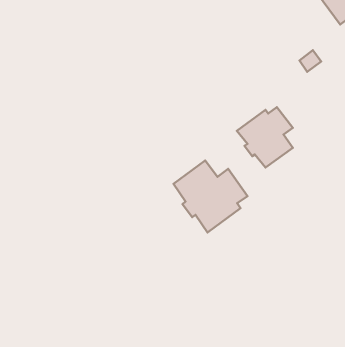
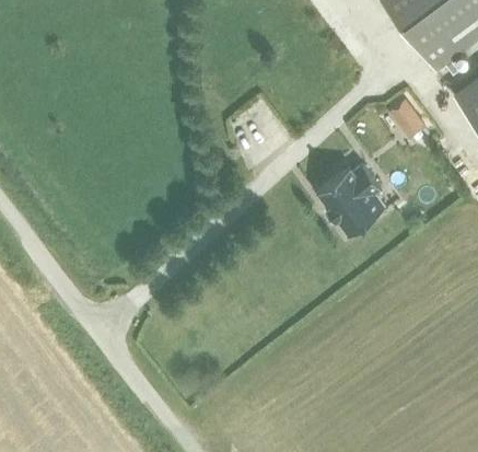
building: [174,160,247,232] -> none

